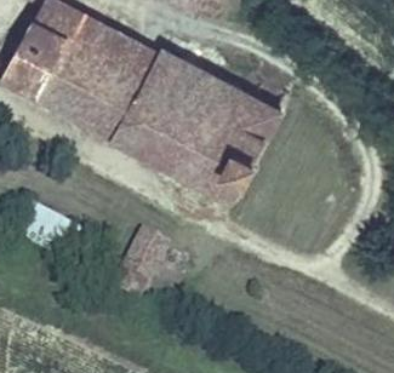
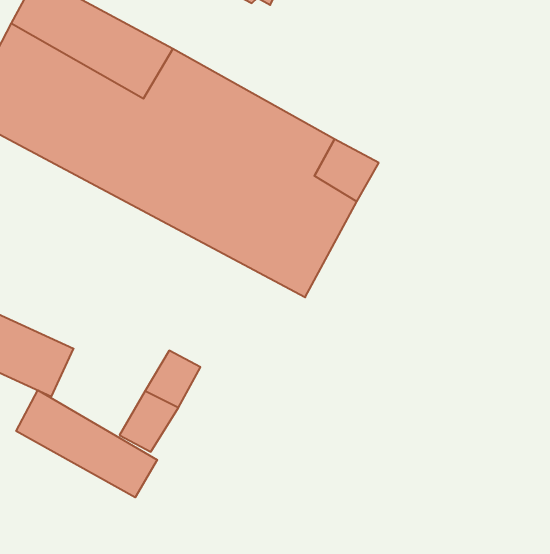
building: none -> [16,390,157,497]

